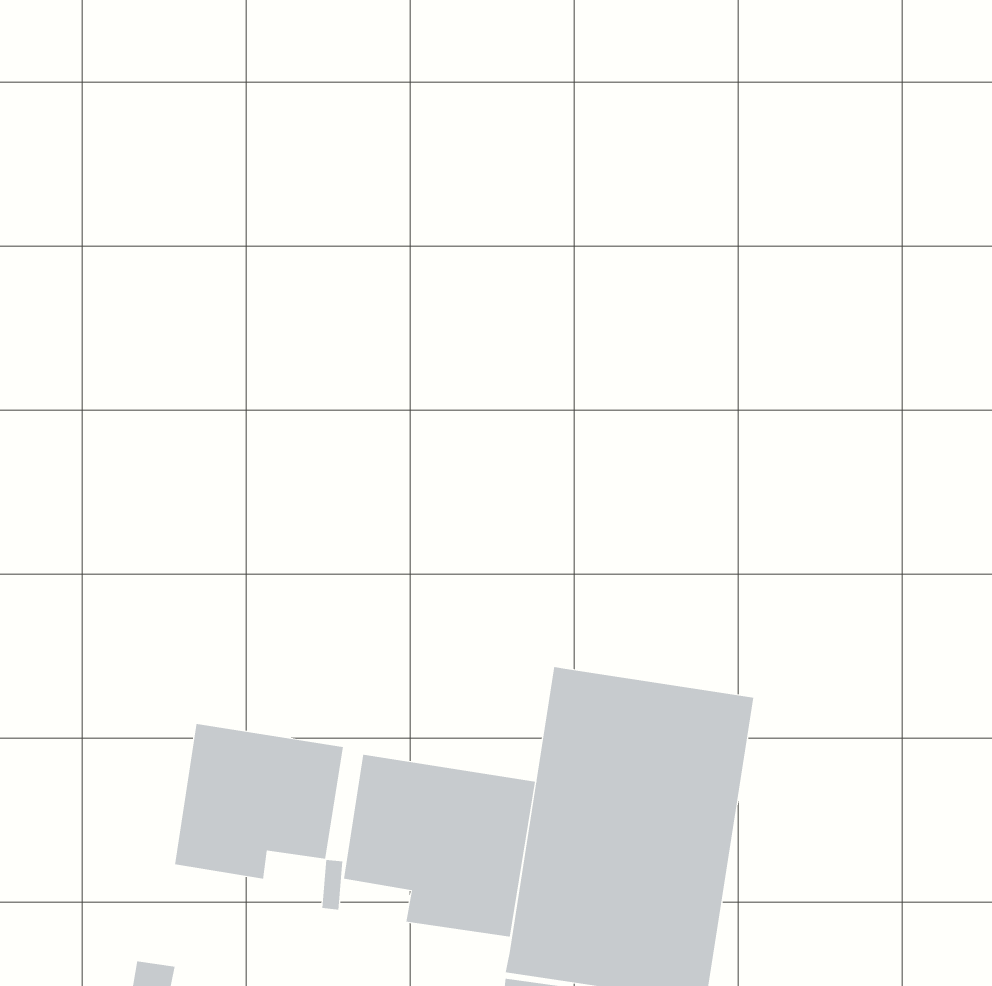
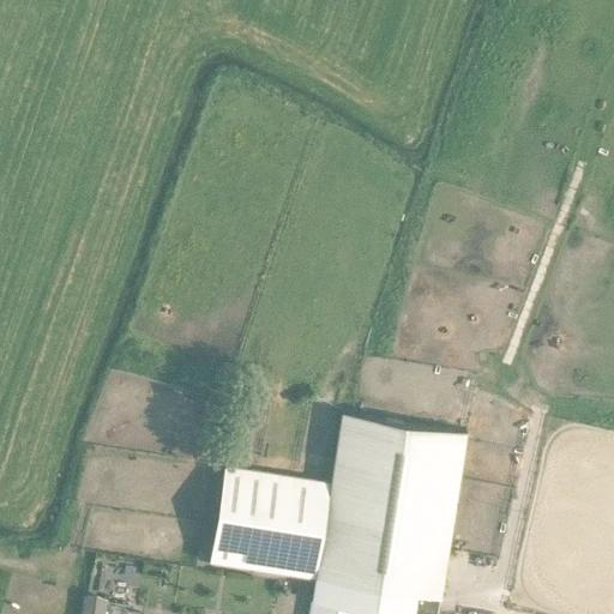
building: [174,723,343,880] -> none

